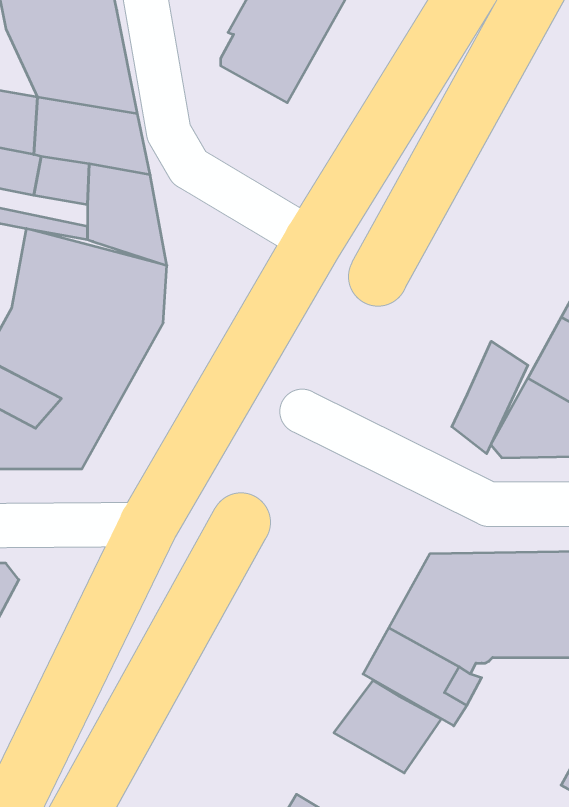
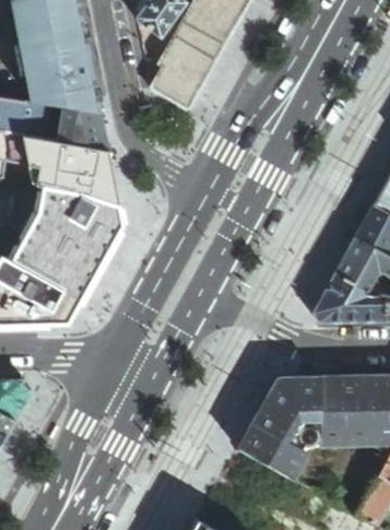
building: [452,341,528,454] -> none
building: [334,681,441,773] -> none

